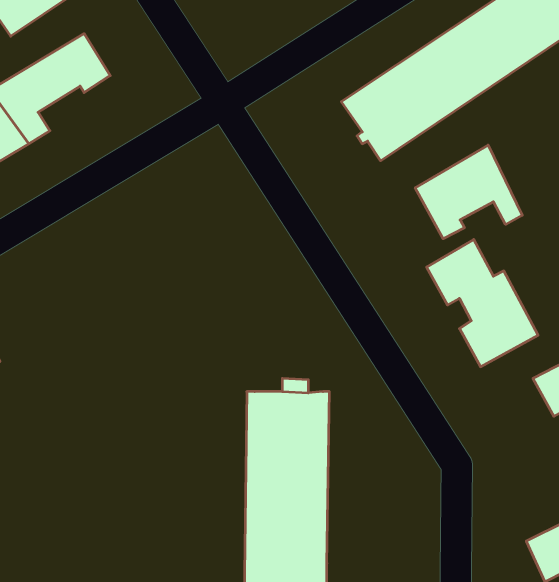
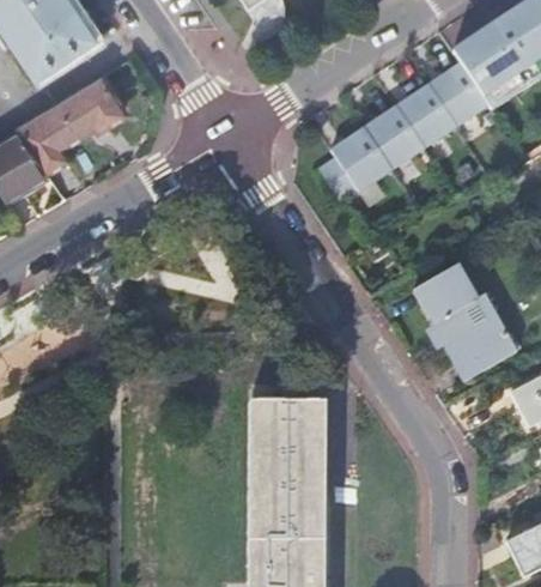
building: [415,145,522,239] -> none

